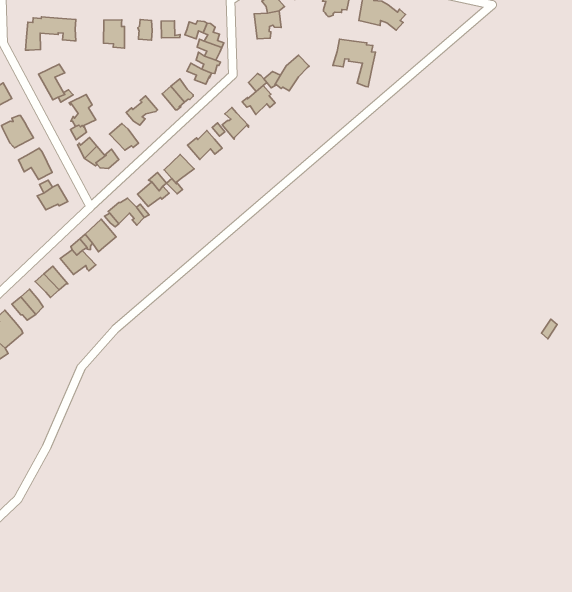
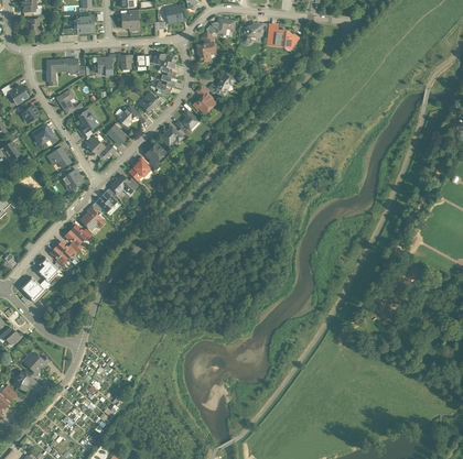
building: [333,39,375,87] -> none

